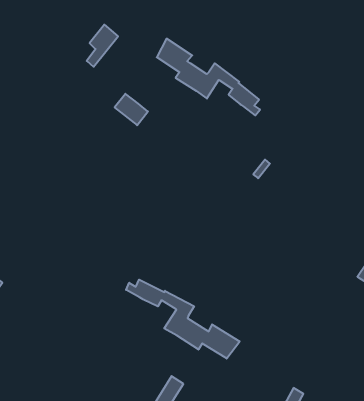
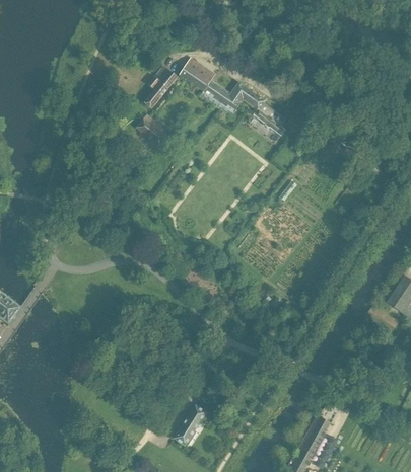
building: [87,25,118,67] -> [144,65,177,108]
building: [126,280,240,359] -> none

